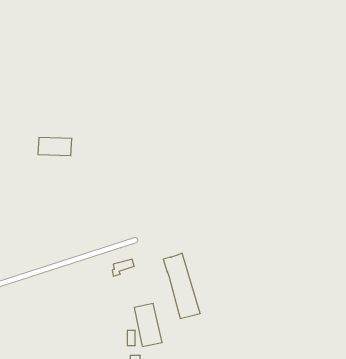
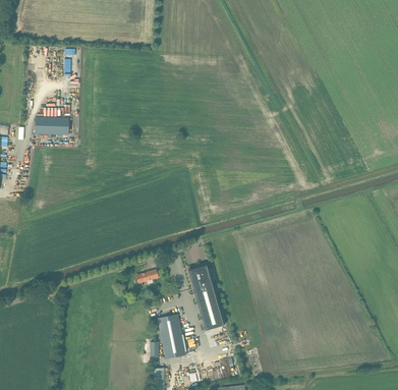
building: [38,138,72,156] -> [35,117,69,135]

